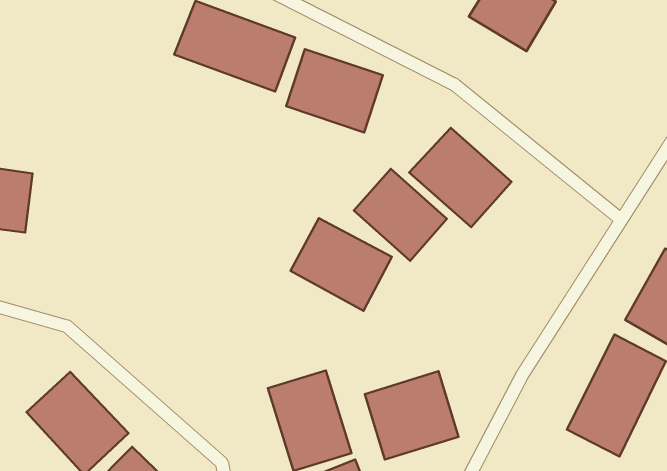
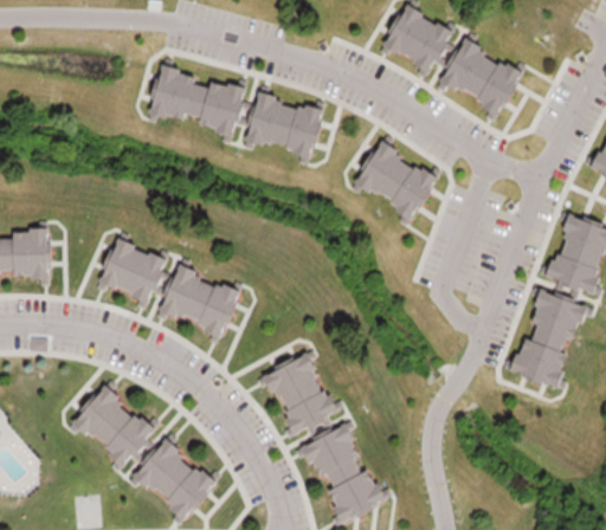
building: none -> [438,39,522,116]
building: [354,169,447,261] -> none
building: none -> [98,239,167,303]
building: [290,218,392,311] -> [159,266,239,336]
building: [365,371,459,460] -> none

